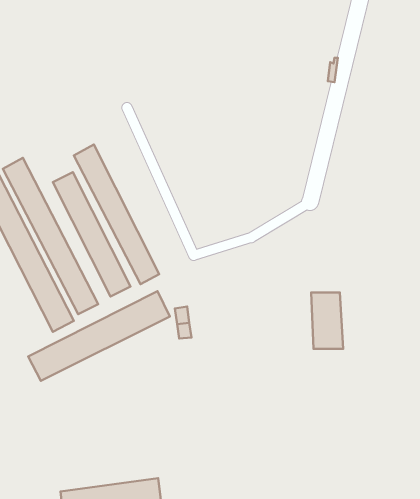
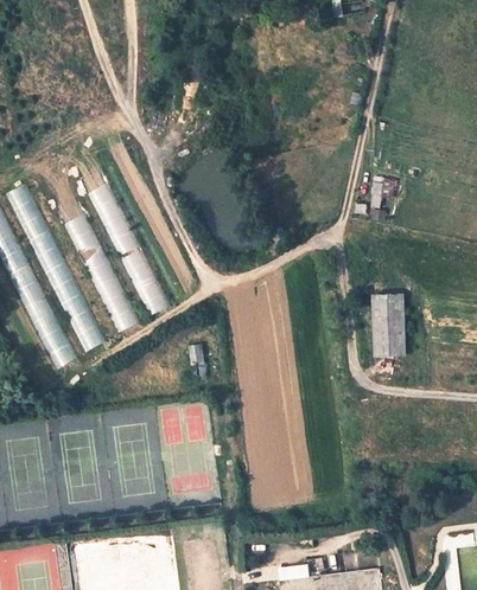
building: none -> [371,178,396,220]
building: [28,291,170,381] -> none
building: [311,292,343,349] -> [373,295,407,355]

